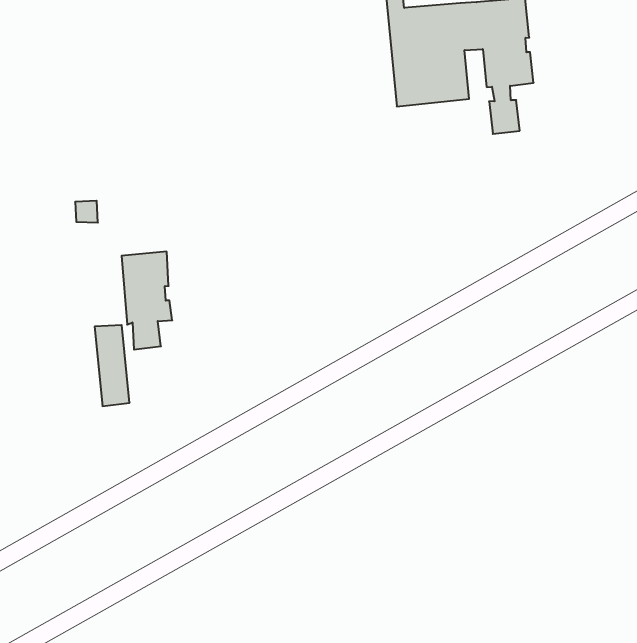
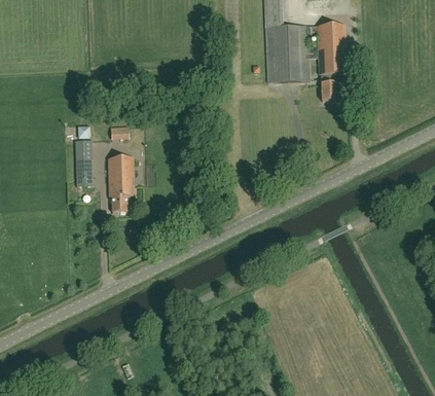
building: [95,325,130,406] -> [75,140,93,185]

